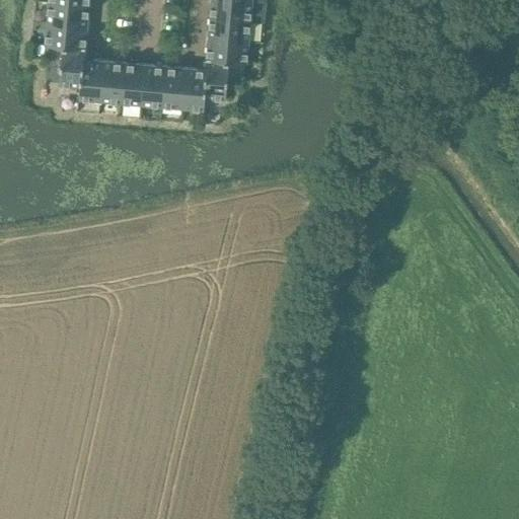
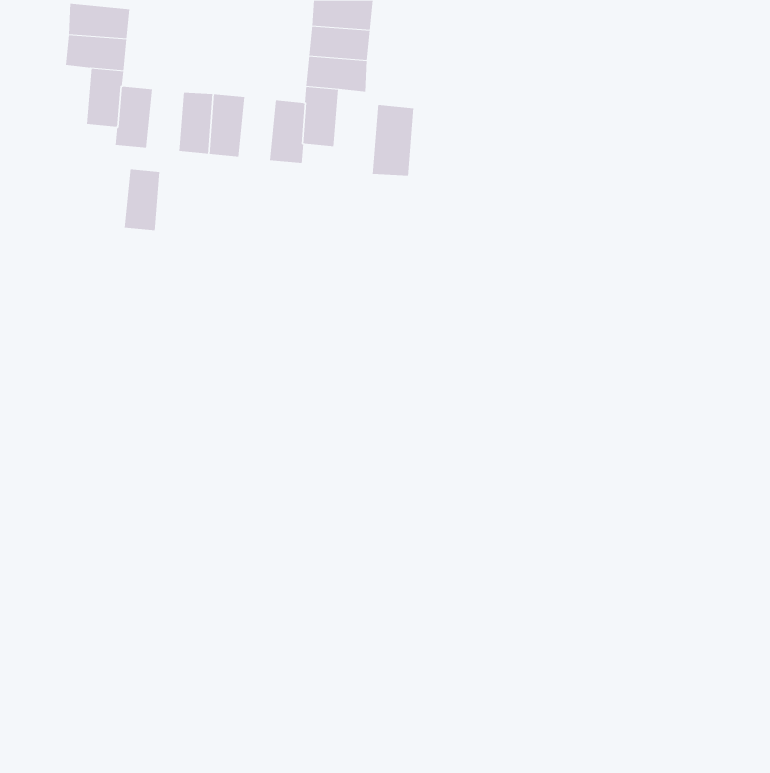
building: [98,60,123,101] -> [124,169,160,231]
building: [160,65,184,107] -> none
building: none -> [372,104,414,177]

